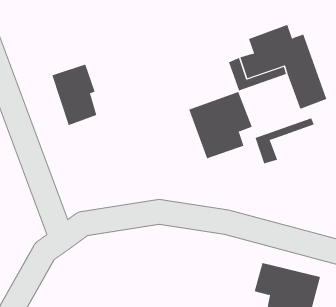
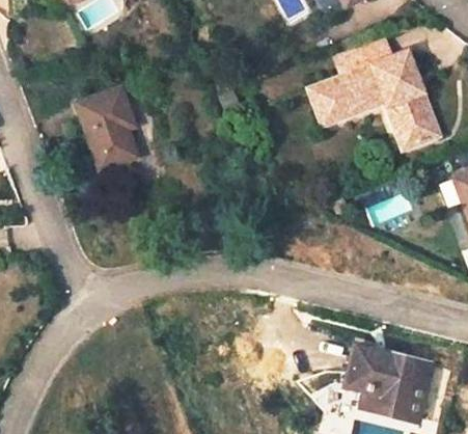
building: [189,91,252,159] -> none
building: [255,118,314,164] -> none

